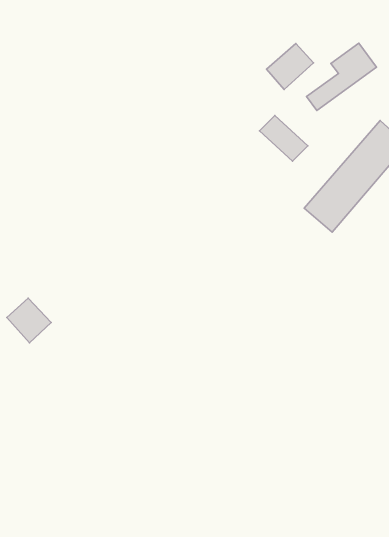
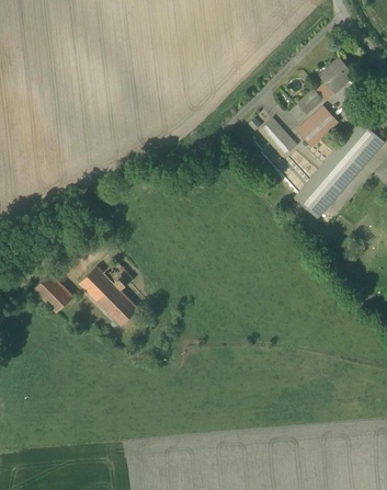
building: [267,44,314,89] -> [294,110,334,149]
building: none -> [79,266,141,328]

